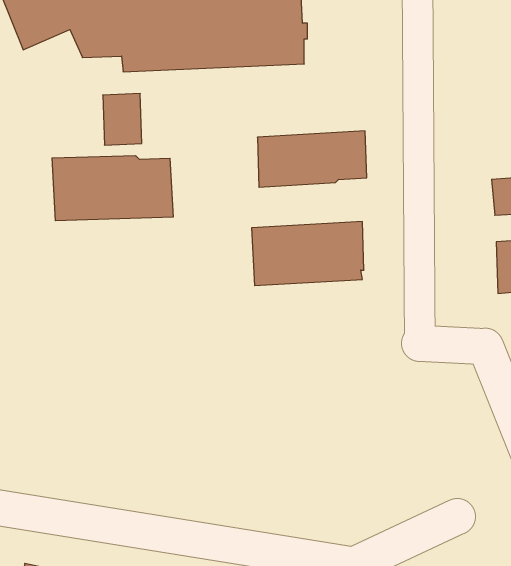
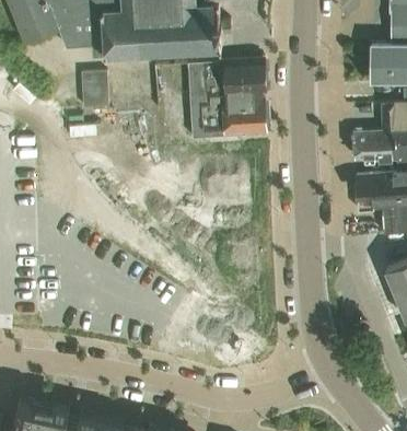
building: [52,156,173,221] -> none
building: [252,222,364,286] -> [187,58,266,103]

